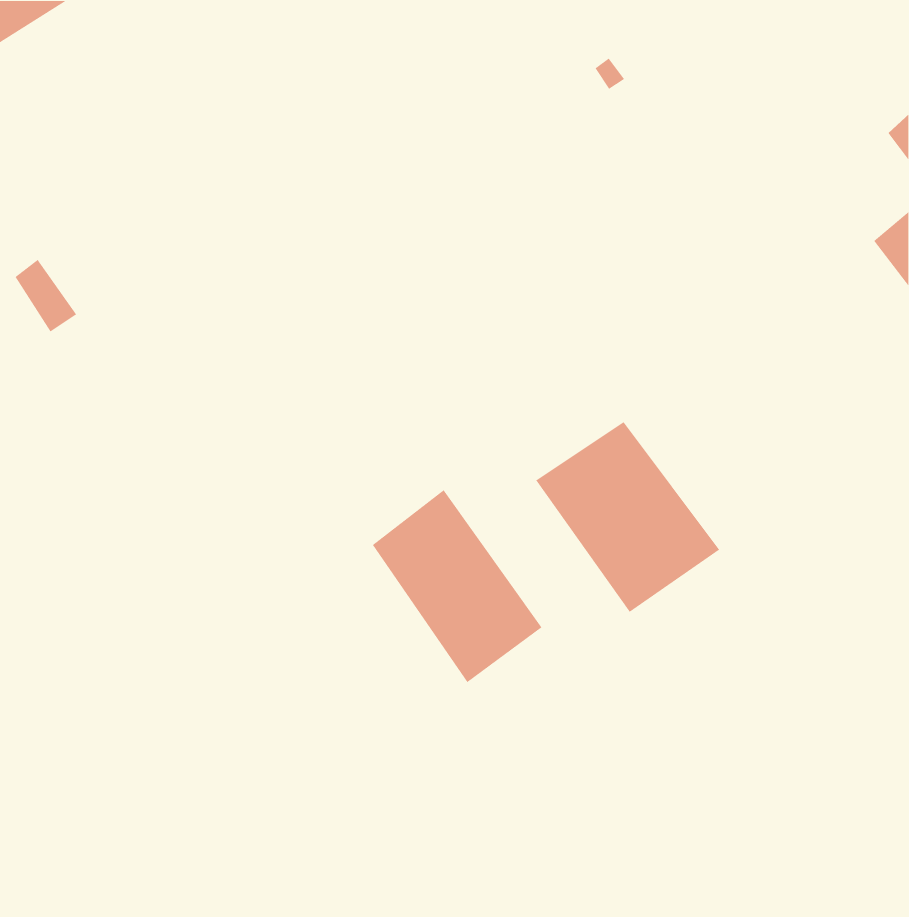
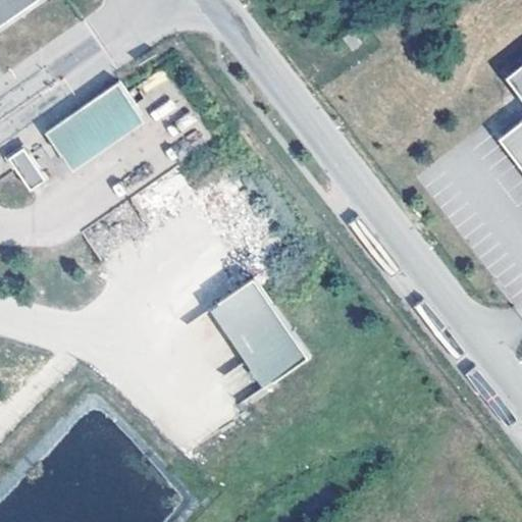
building: none -> [46,84,143,171]
building: [535,421,720,613] -> none

